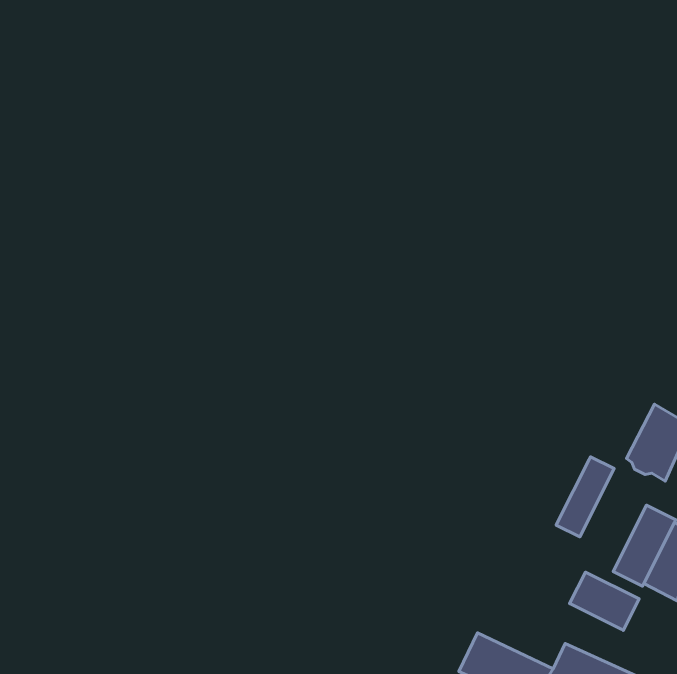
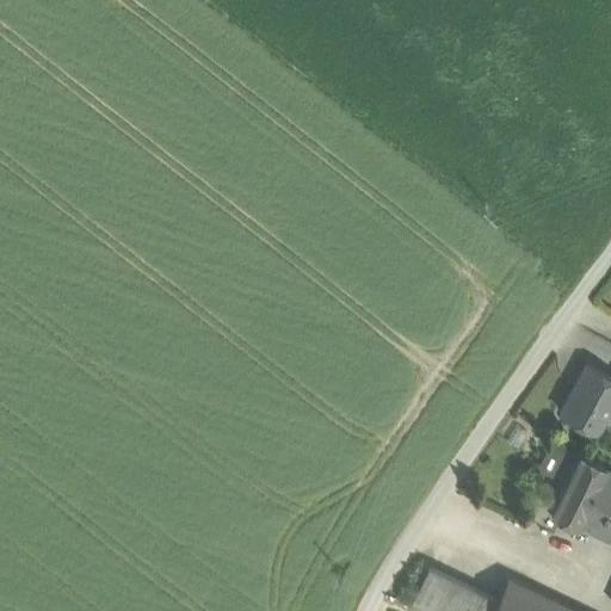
building: [556,457,614,537] -> none
building: [570,572,639,630] -> none

